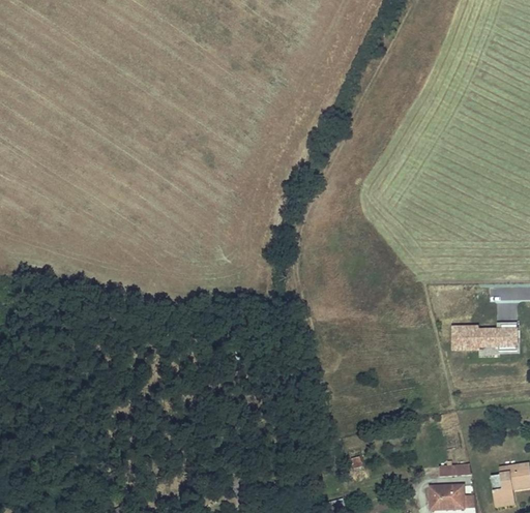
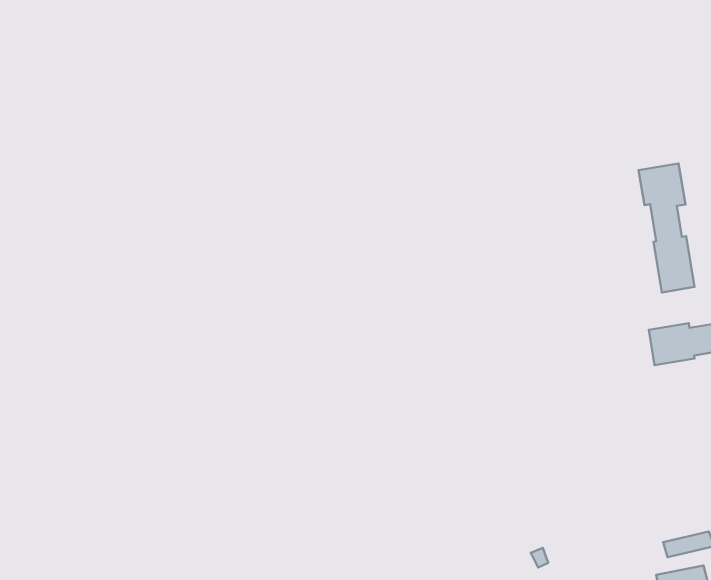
building: none -> [639,163,695,292]

